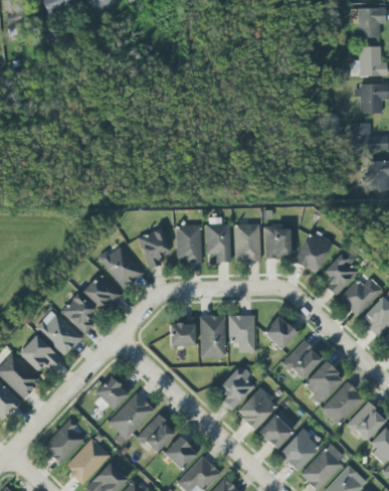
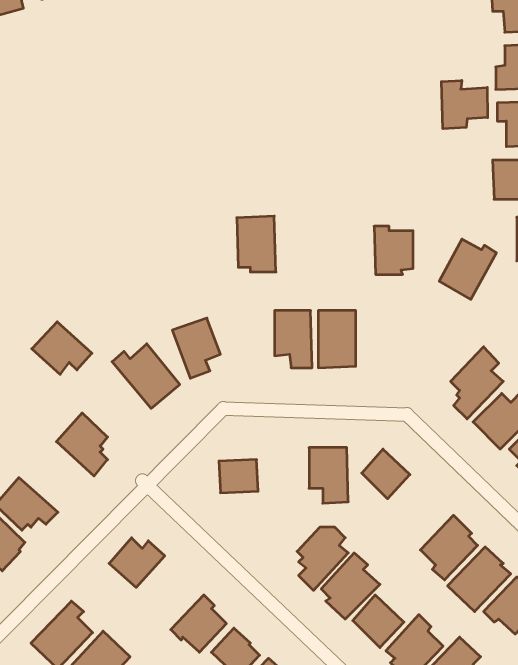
building: none -> [441,80,488,129]
building: [176,224,202,262] -> [237,216,276,272]
building: [264,225,290,258] -> [374,226,413,274]
building: [294,232,332,273] -> [439,239,496,299]
building: [82,273,123,308] -> [32,322,92,374]
building: [35,310,82,354] -> none
building: [200,315,226,357] -> none
building: [281,339,321,378] -> none
building: [108,392,155,445] -> none

